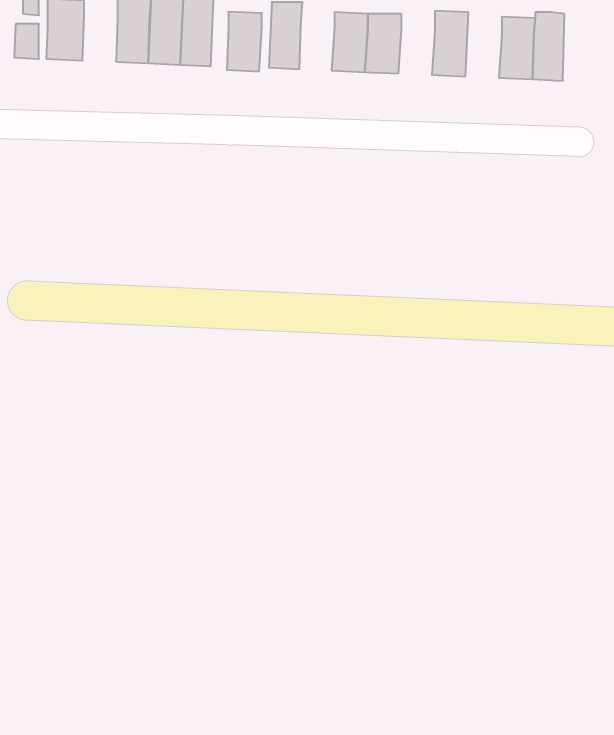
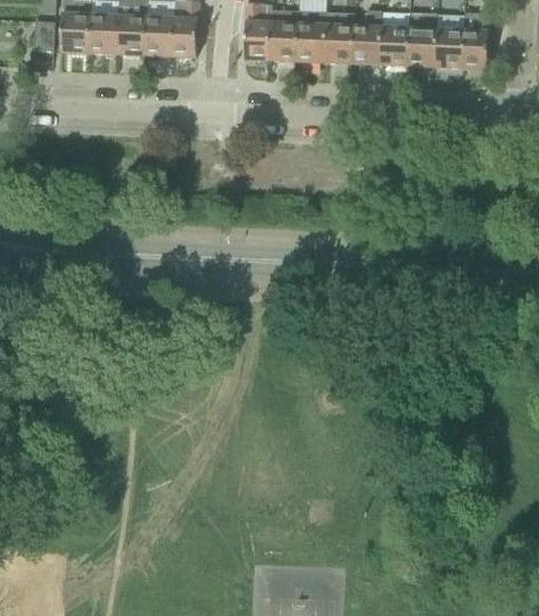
building: none -> [351,10,381,64]
building: [227,12,262,71] -> [270,11,298,60]
building: none -> [407,12,437,66]
building: none -> [90,16,119,53]

